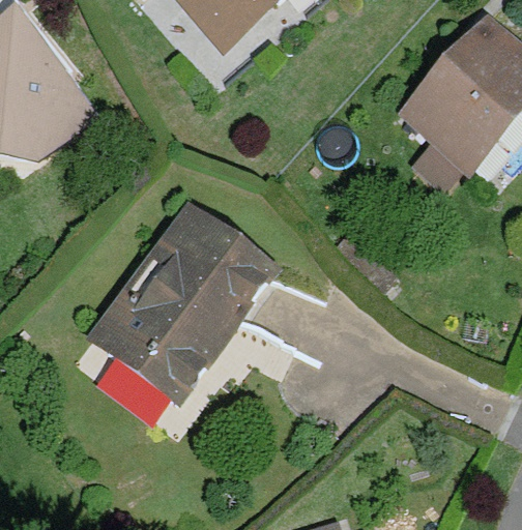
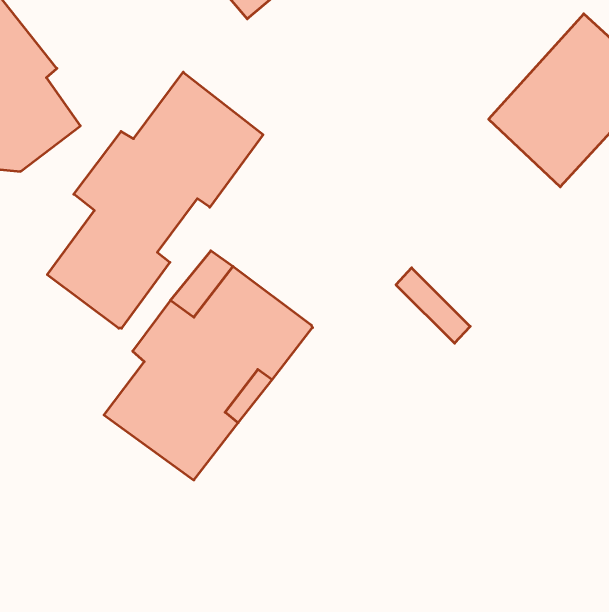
building: none -> [47,72,263,328]

